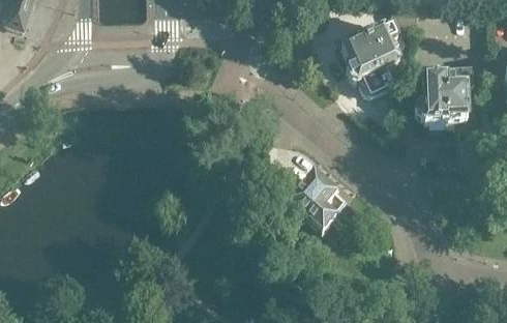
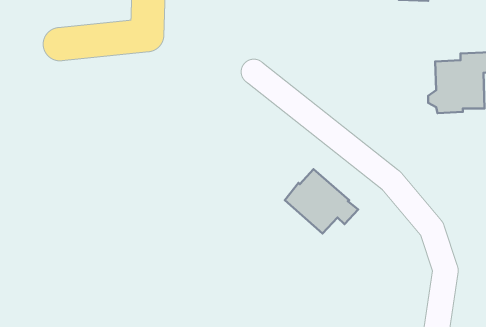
building: [342,24,400,93] -> none

